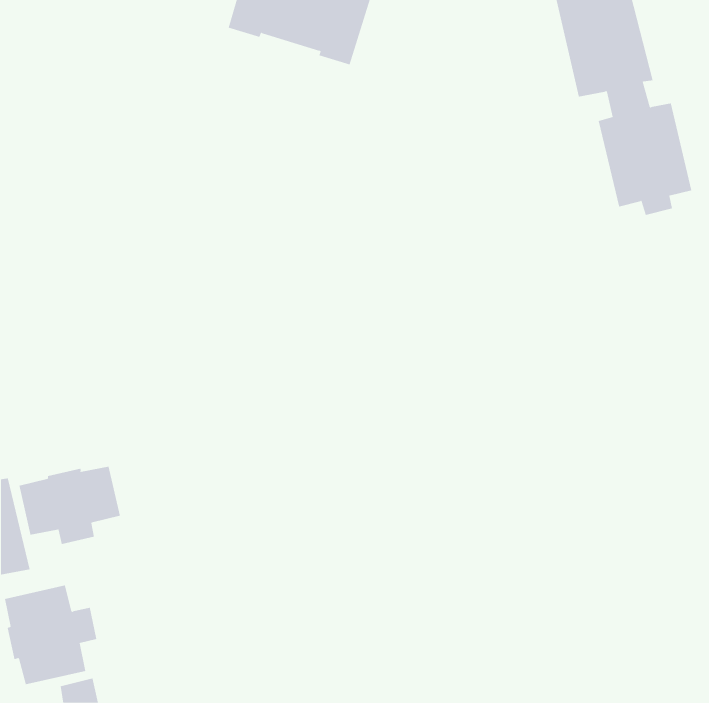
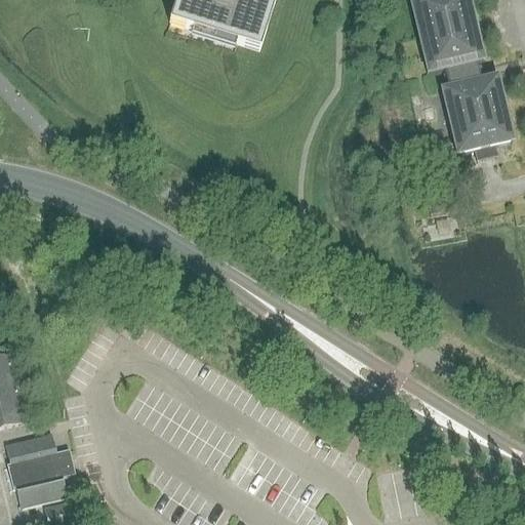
building: [19,466,120,545] -> none

